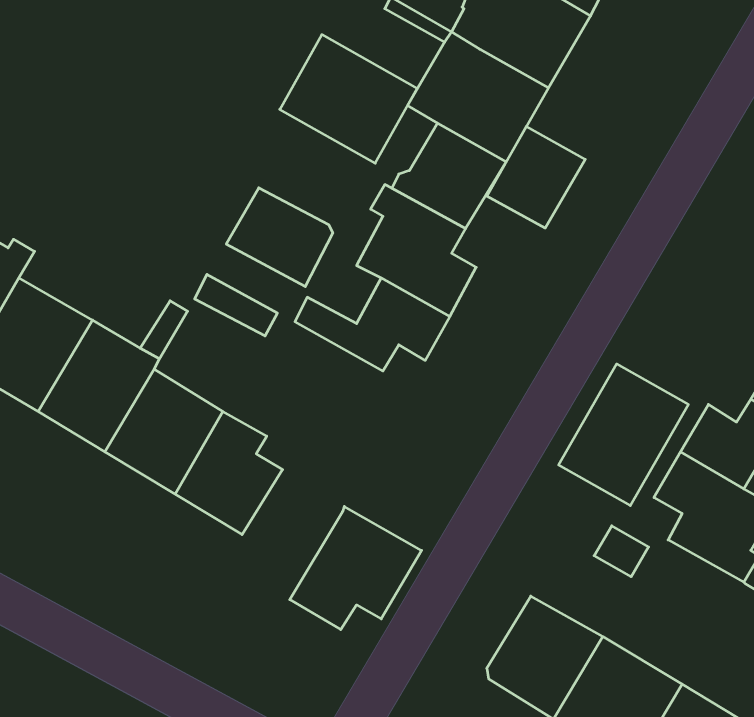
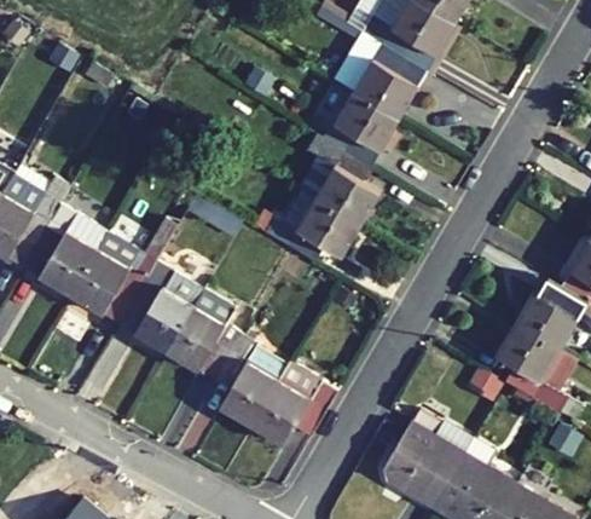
building: [280,35,417,163] -> none
building: [487,126,585,228] -> none
building: [226,188,333,287] -> none
building: [559,364,688,506] -> none
building: none -> [215,334,284,423]

